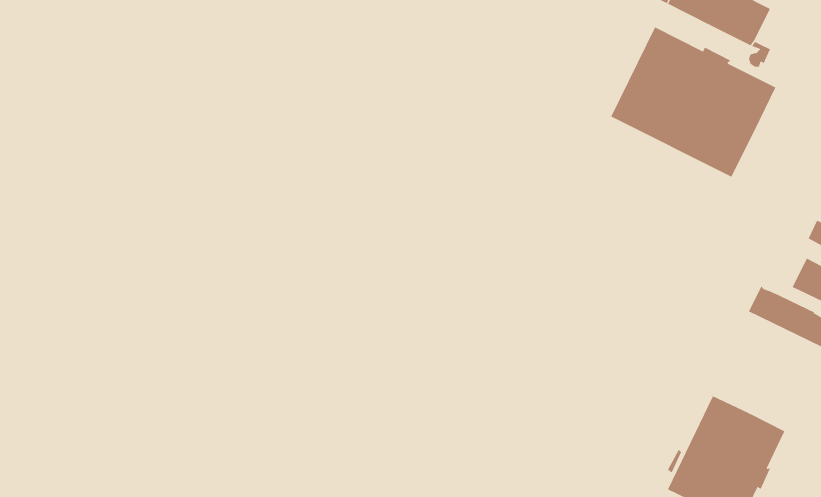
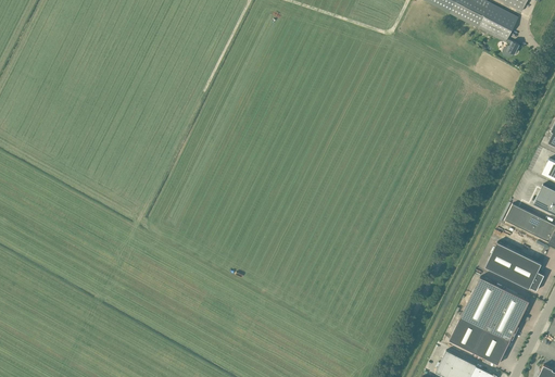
building: [610,27,776,177] -> none
building: none -> [485,242,544,291]

